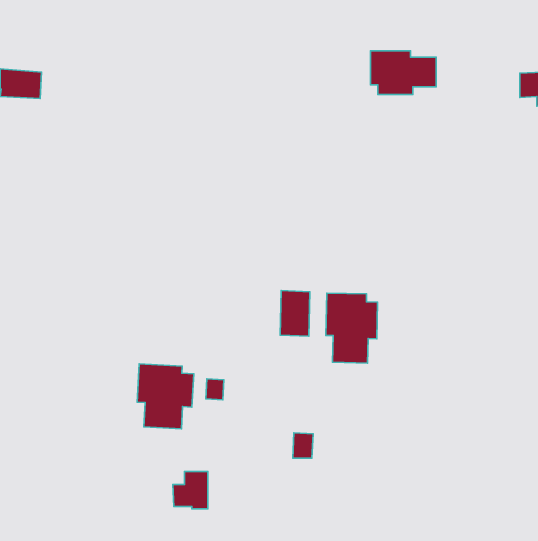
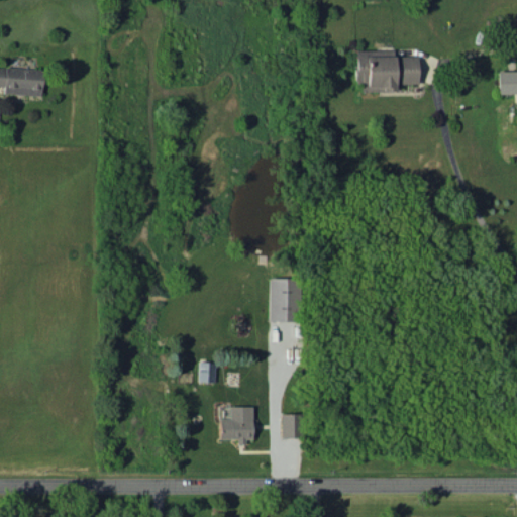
building: [326,293,378,363] -> none
building: [137,364,194,429] -> none
building: [173,472,208,509] -> [221,406,254,441]

